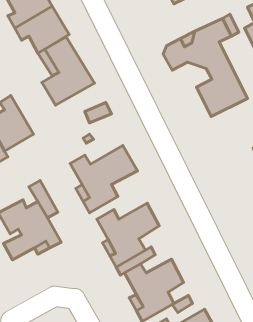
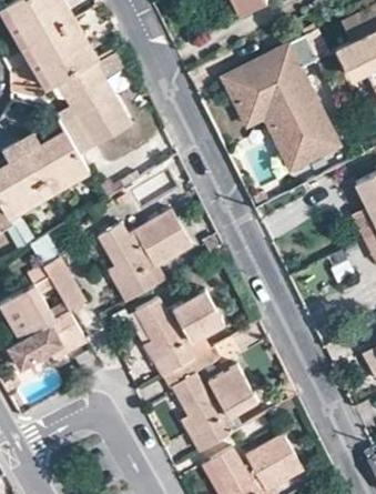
building: none -> [237,95,292,130]
building: none -> [17,130,88,194]

